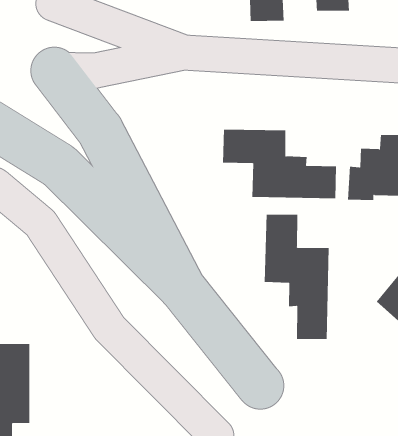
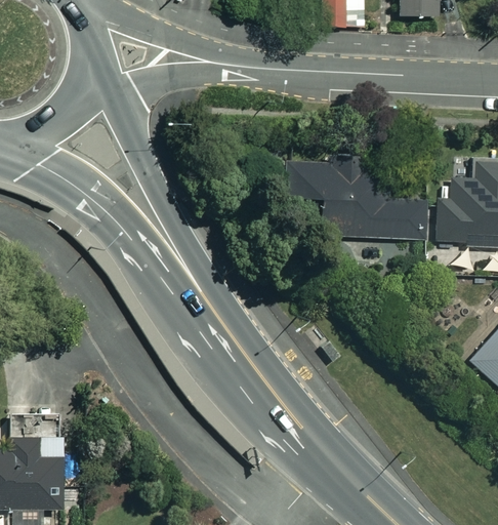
building: [264,214,329,340] -> none

